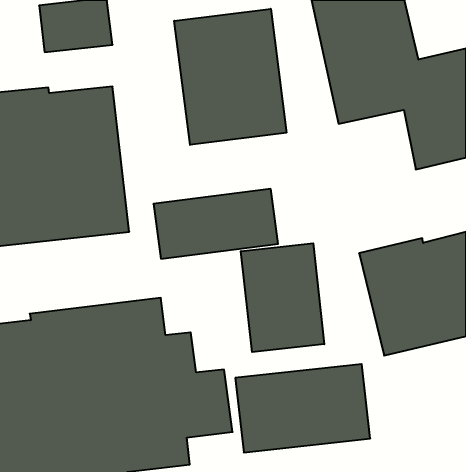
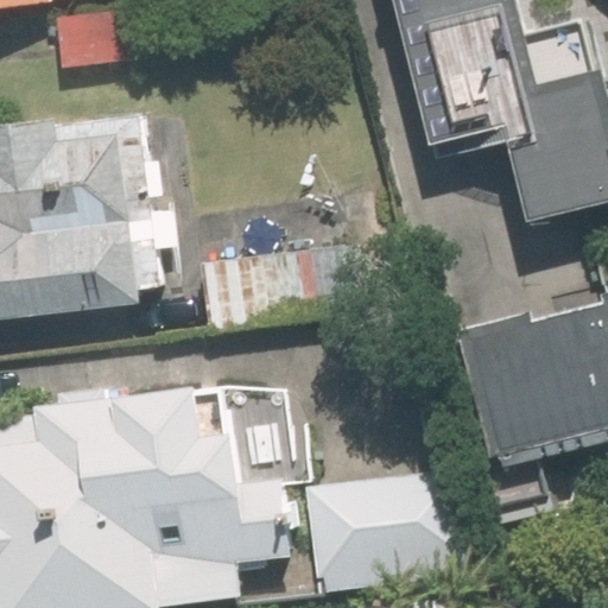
building: [174,9,286,145] -> none
building: [241,243,324,352] -> none

